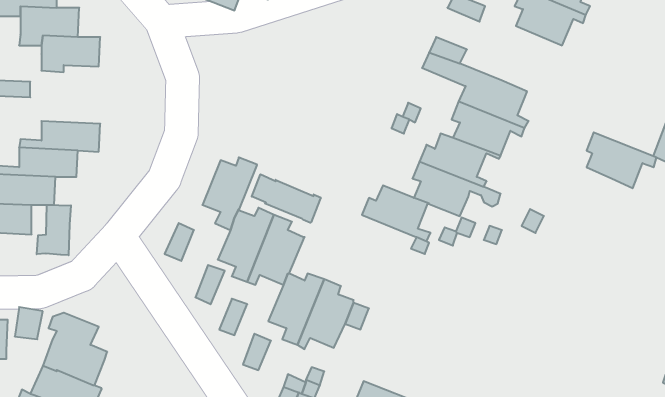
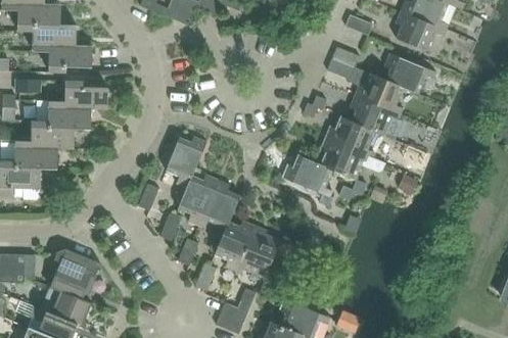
building: none -> [63,81,107,111]
building: [587,132,657,188] -> [384,53,435,94]
building: [252,174,321,223] -> none
building: [37,205,71,255] -> none

